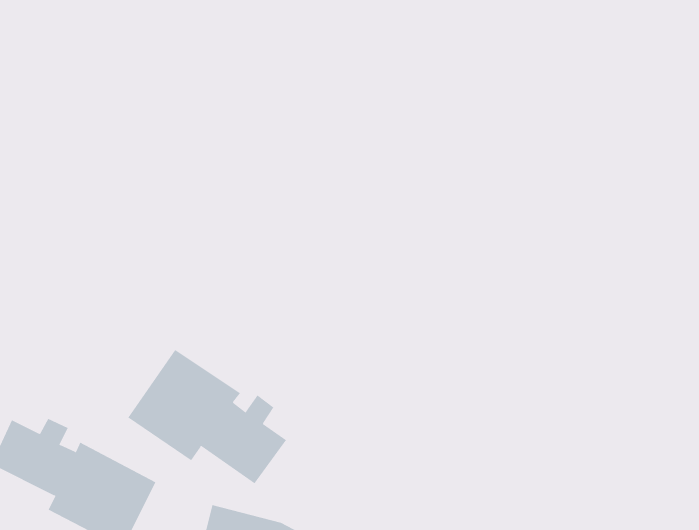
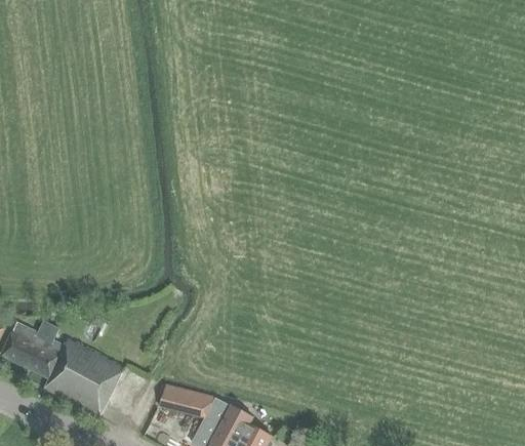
building: [127,349,287,484] -> none

